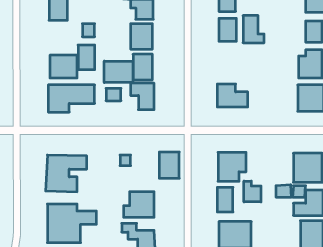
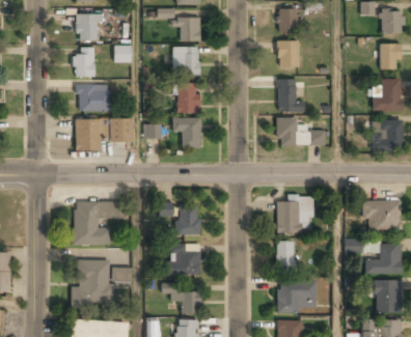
building: [243,16,264,43] -> [278,79,303,111]
building: [78,45,95,70] -> [76,48,95,77]
building: [104,61,133,83] -> none
building: [159,152,179,178] -> [176,204,200,235]
building: [244,181,261,202] -> none

